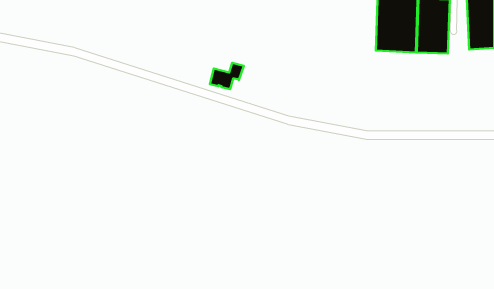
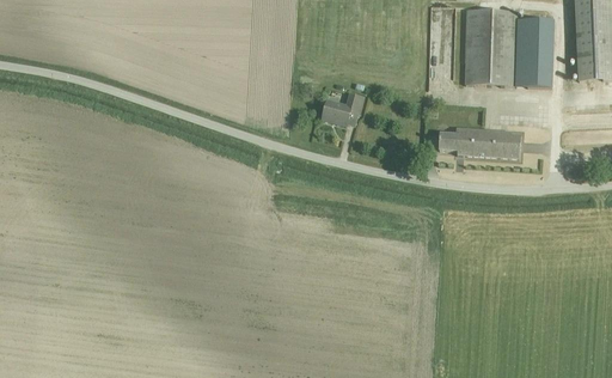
building: [210,63,244,89] -> [322,93,363,126]
building: none -> [437,129,520,159]

